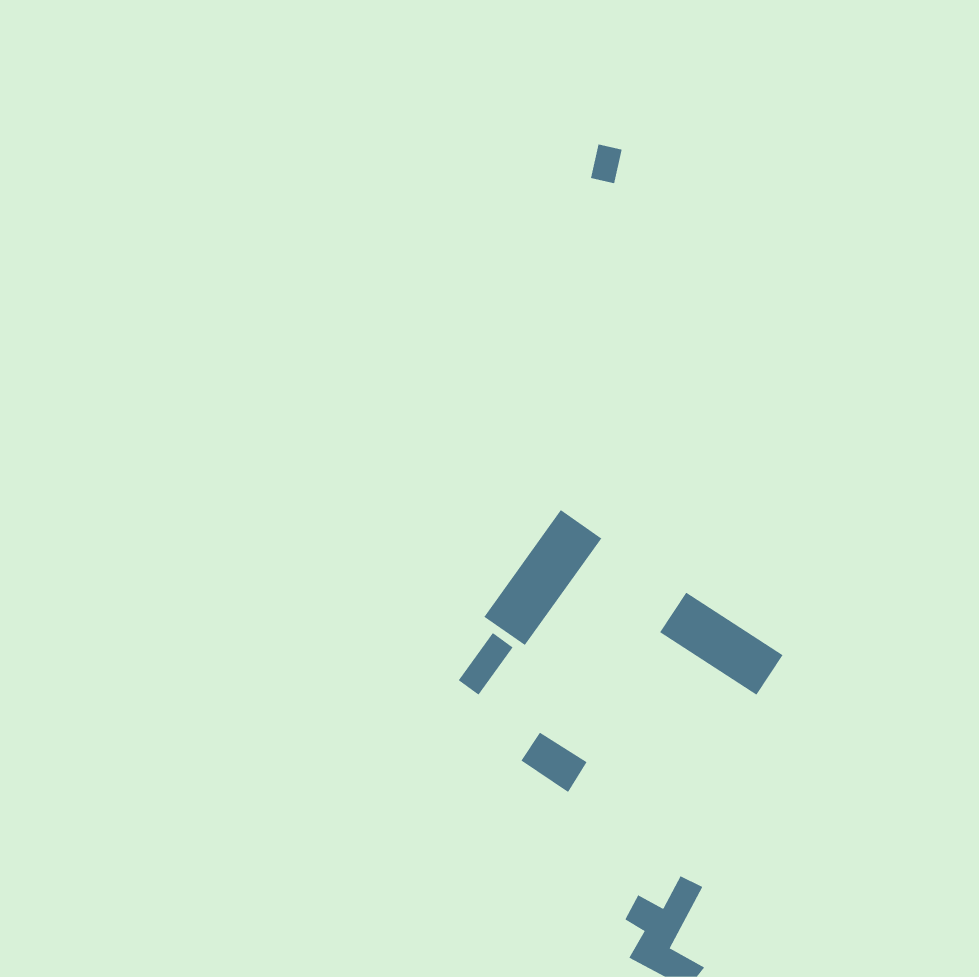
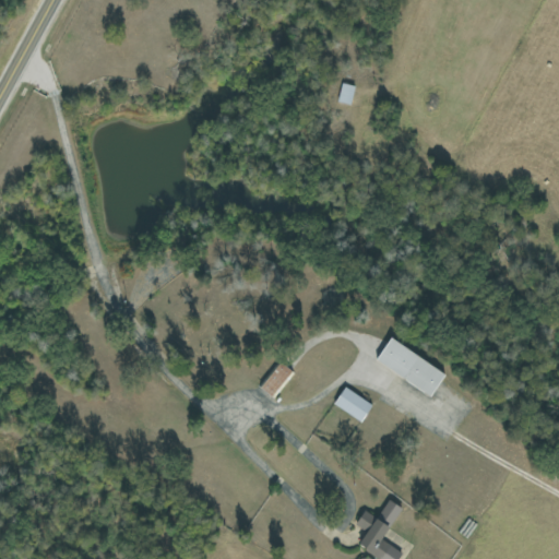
building: [483,509,602,646] -> none
building: [520,732,588,793] -> [334,386,372,421]

